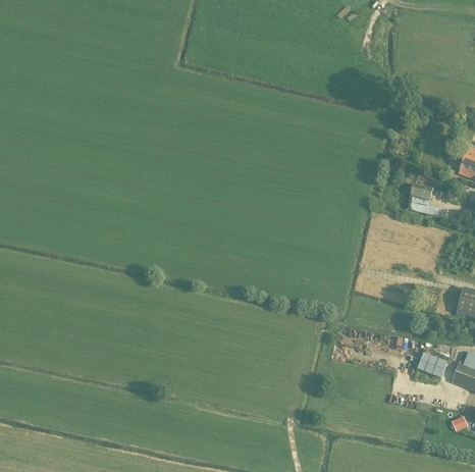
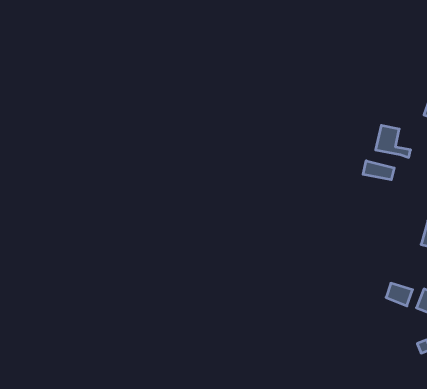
building: none -> [363,161,394,180]

